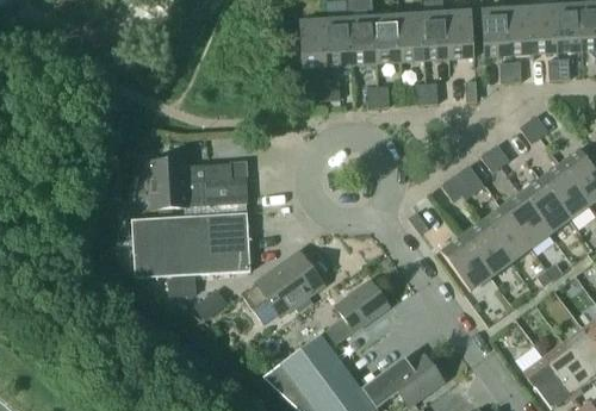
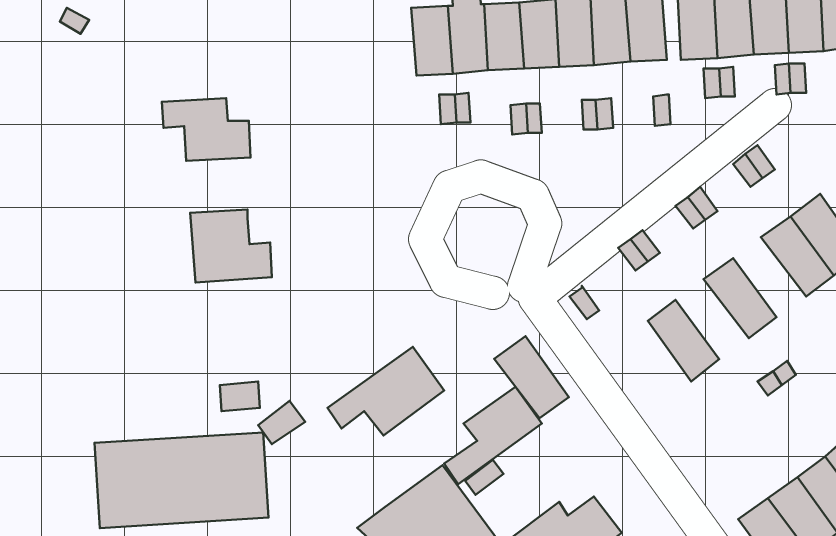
building: [187,162,248,205] -> [162,98,250,161]
building: [520,178,570,232] -> none
building: [480,206,530,261] -> none
building: [131,212,250,278] -> [95,432,269,528]
building: [440,235,491,291] -> [494,336,569,418]

